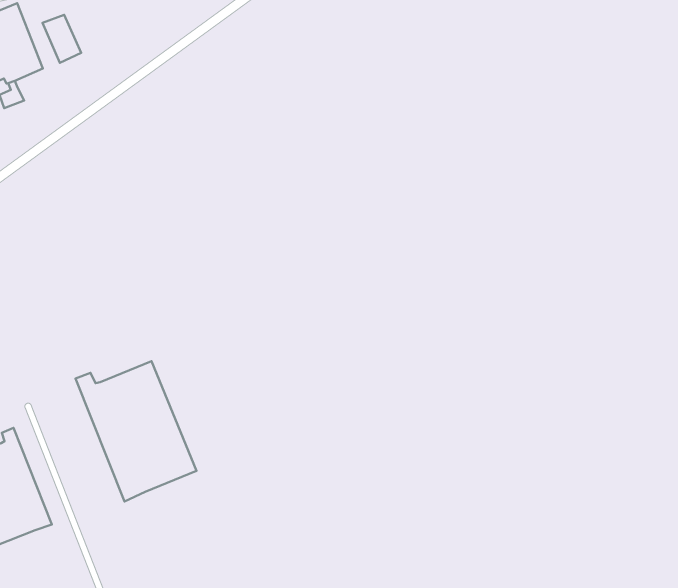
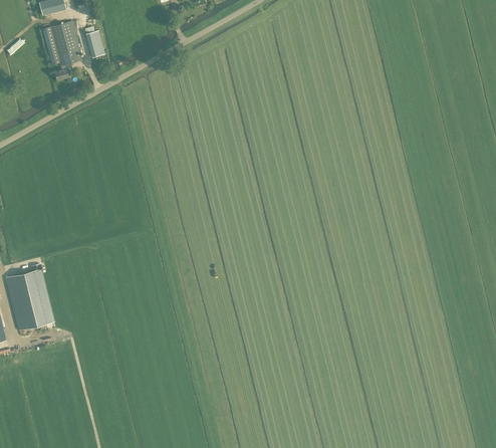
building: [75,361,196,501] -> none

